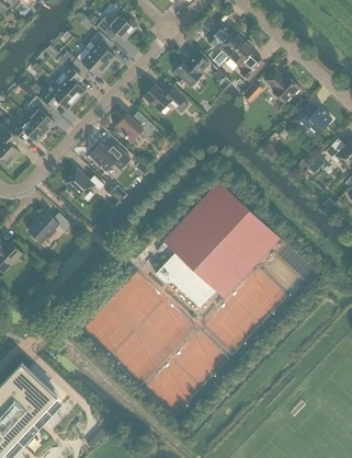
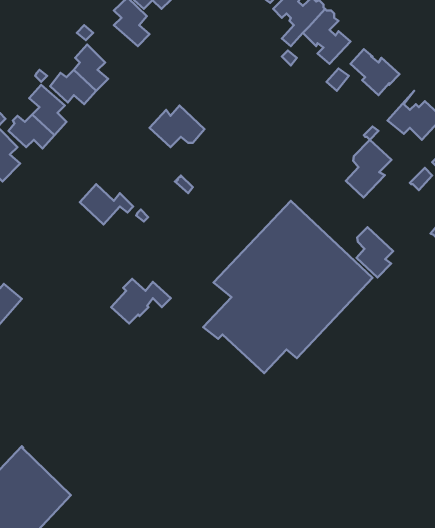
building: [71,50,106,76] -> none
building: [174,51,207,85] -> none
building: [143,83,183,112] -> none
building: none -> [346,140,391,198]
building: [88,139,129,170] -> none
building: none -> [357,227,393,278]
building: [27,209,71,242] -> [111,279,171,324]

